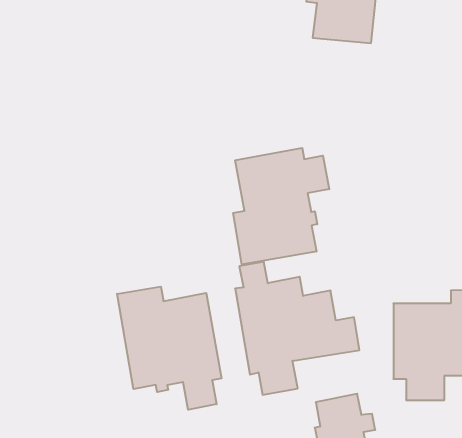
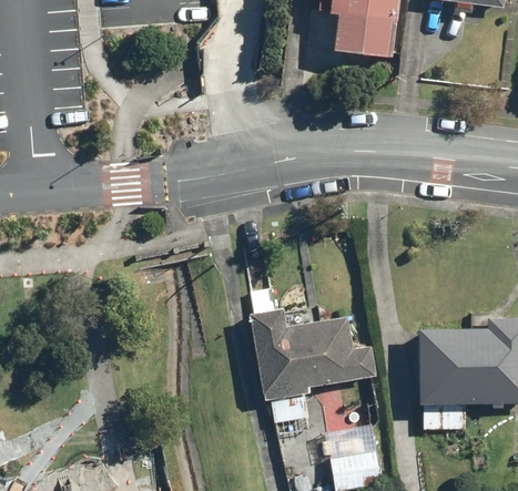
building: [233,148,329,264] -> none
building: [117,287,222,410] -> none

